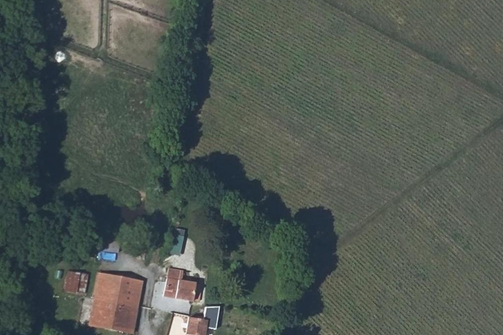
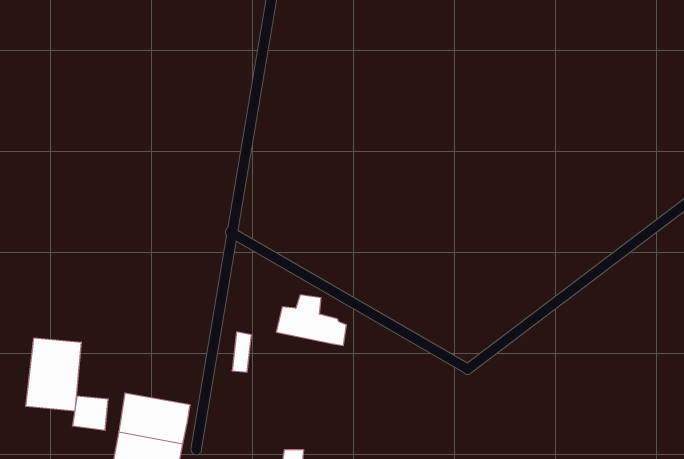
building: none -> [26,338,81,411]
building: [154,267,201,301] -> [276,295,346,346]

